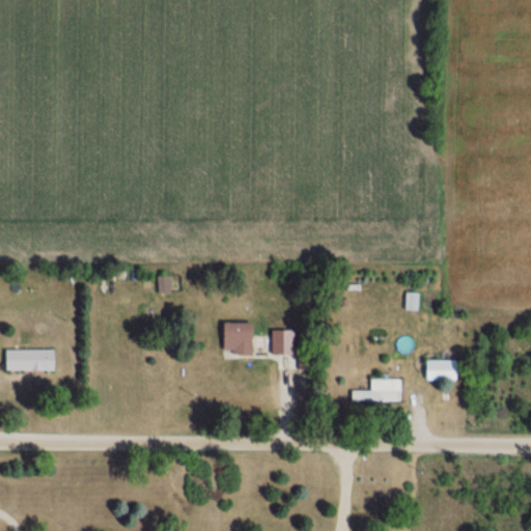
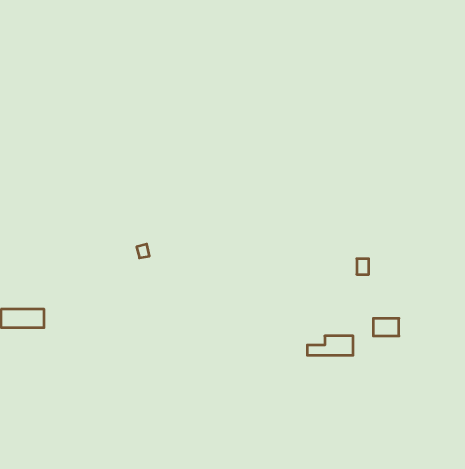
building: [222,323,252,354] -> none
building: [272,330,296,355] -> none

